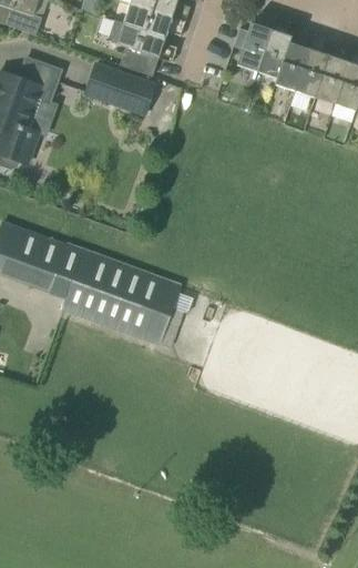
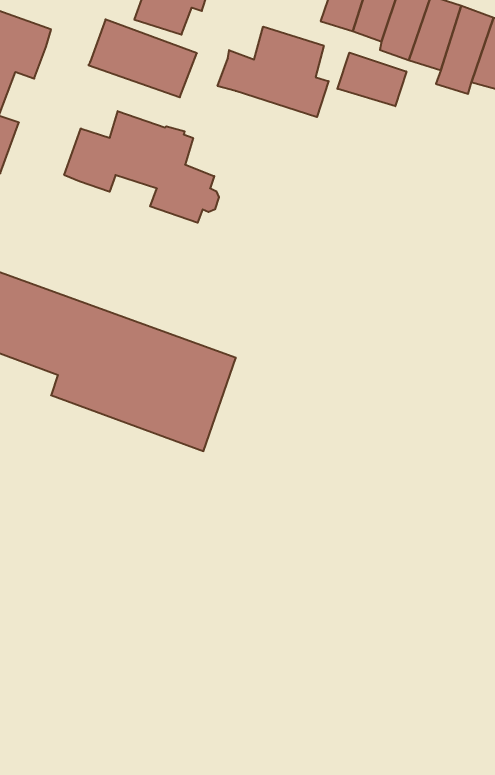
building: none -> [218,27,329,117]
building: none -> [337,53,406,106]
building: none -> [64,111,219,223]

